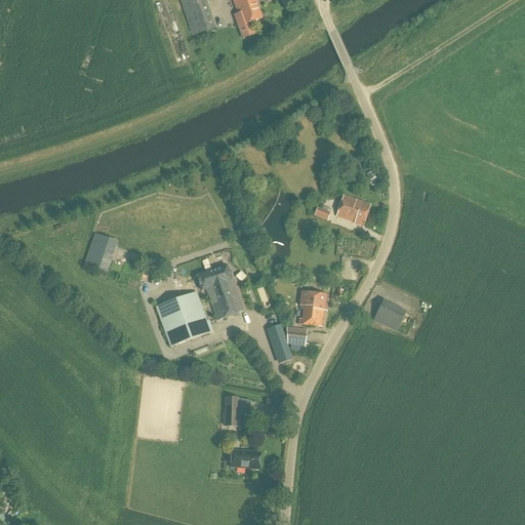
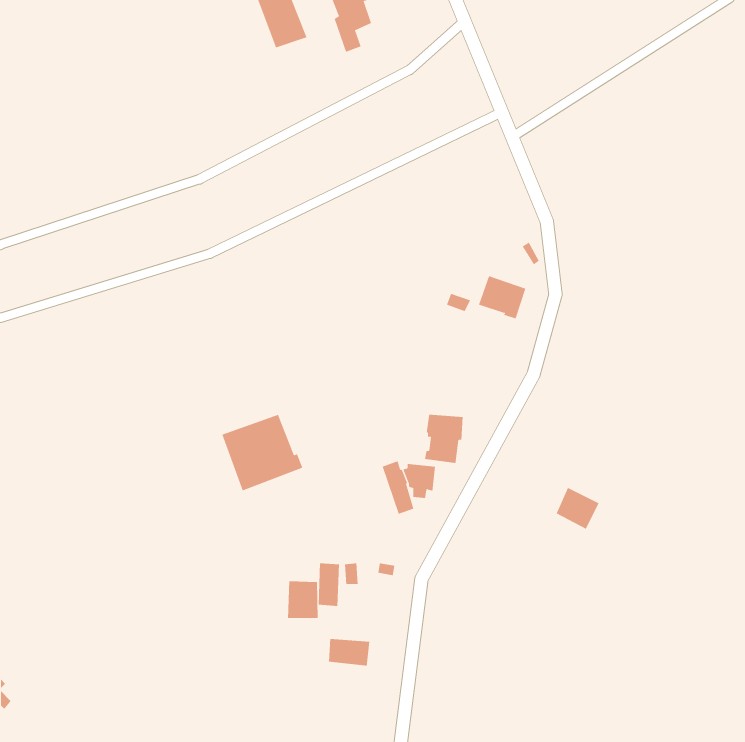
building: [84,233,118,271] -> none
building: [196,265,243,319] -> none
building: [374,300,405,330] -> [556,487,599,529]
building: none -> [288,580,318,619]

